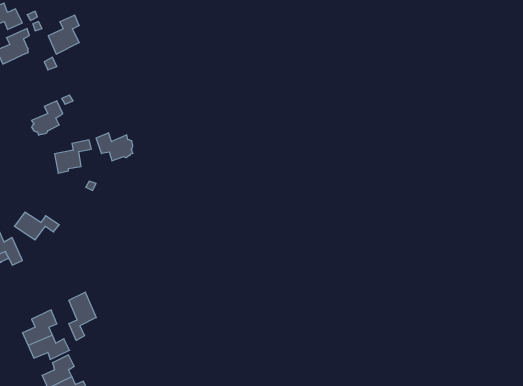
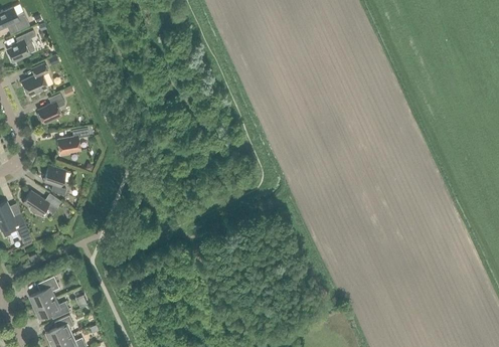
building: [48,15,79,54] -> [20,62,47,97]
building: [96,133,133,161] -> none
building: none -> [42,164,65,194]
building: [69,292,96,340] -> none

